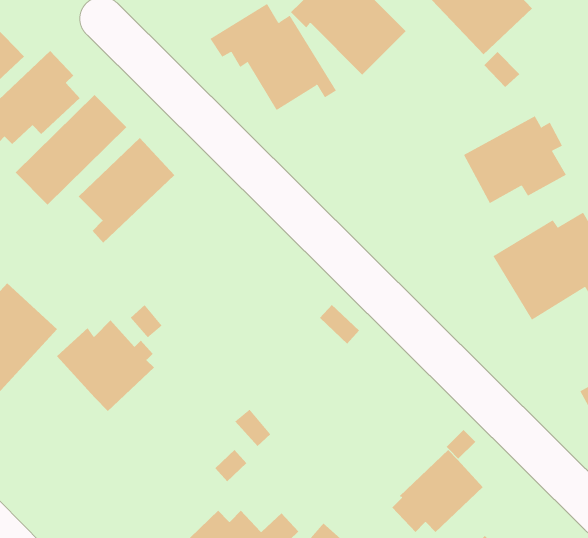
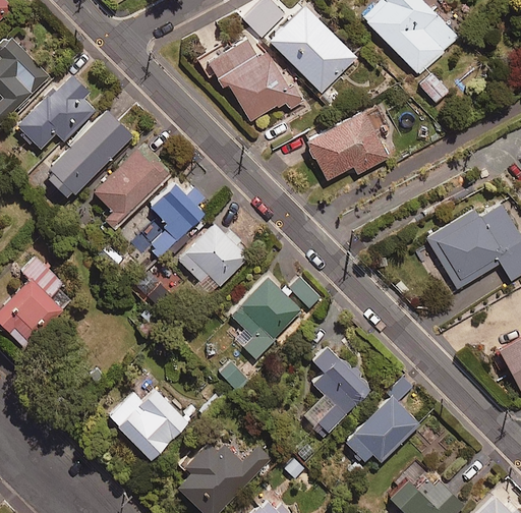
building: [463,116,567,204] -> [305,109,389,180]
building: none -> [148,180,206,256]
building: none -> [177,222,249,287]
building: none -> [231,277,302,359]
building: [56,320,155,412] -> [109,386,188,460]
building: none -> [311,346,370,438]

